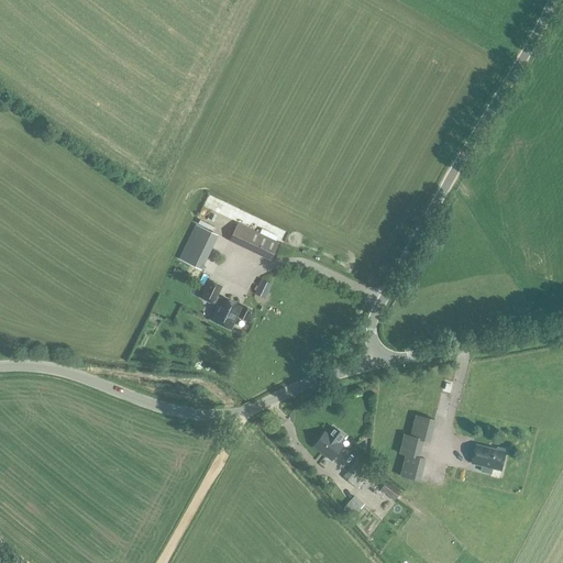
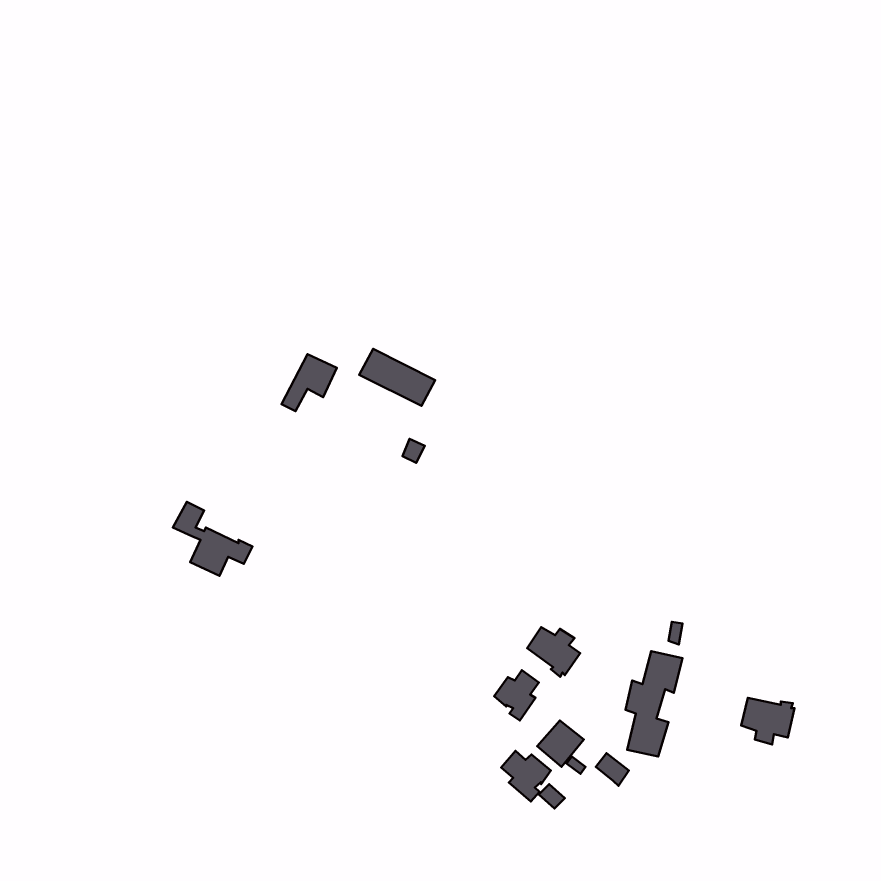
building: [200,280,251,328] -> [173,502,252,576]
building: none -> [527,627,580,677]
building: none -> [501,751,551,802]

